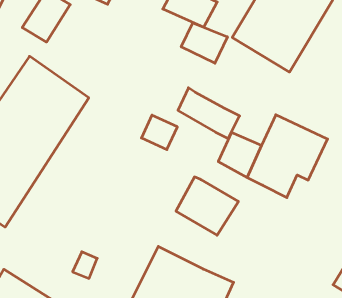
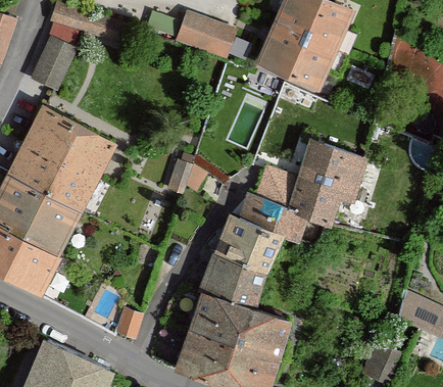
building: [181,23,227,63] -> none
building: [178,88,240,139] -> [240,193,306,242]
building: none -> [203,255,264,313]

